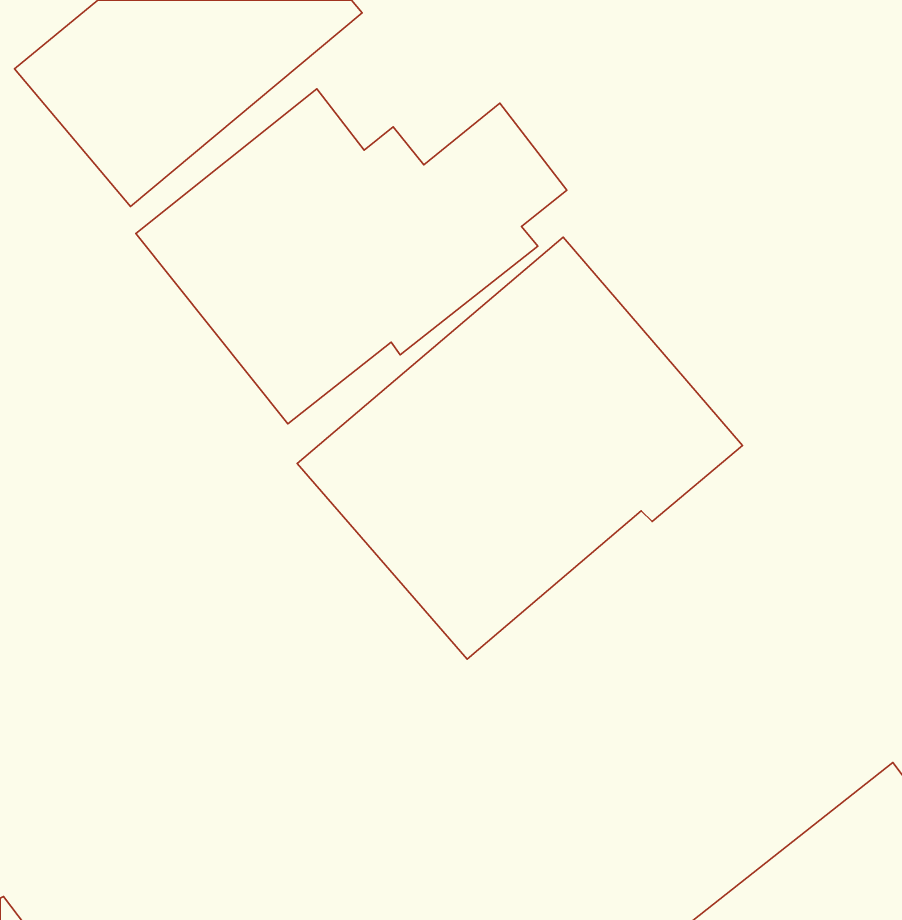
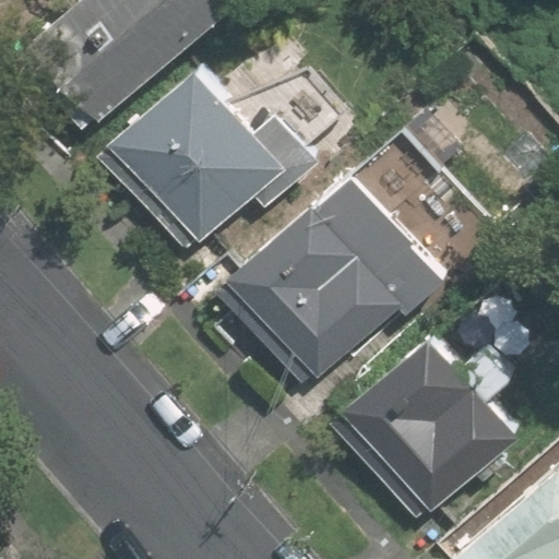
building: none -> [332,342,515,523]

